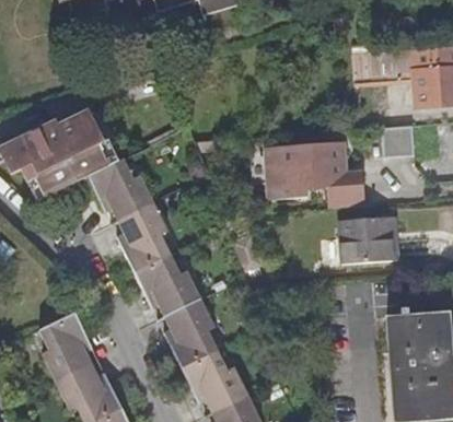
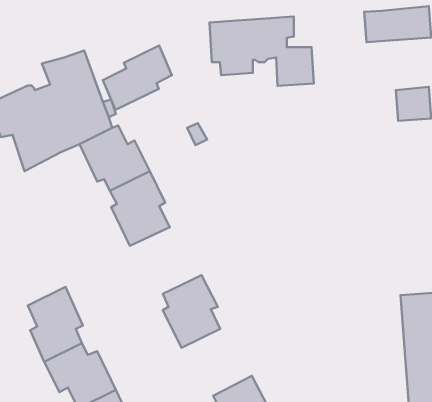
building: none -> [103,45,172,110]
building: [265,142,362,207] -> [209,17,314,86]
building: [341,215,403,263] -> none
building: [133,255,200,317] -> none
building: [182,350,247,412] -> none

